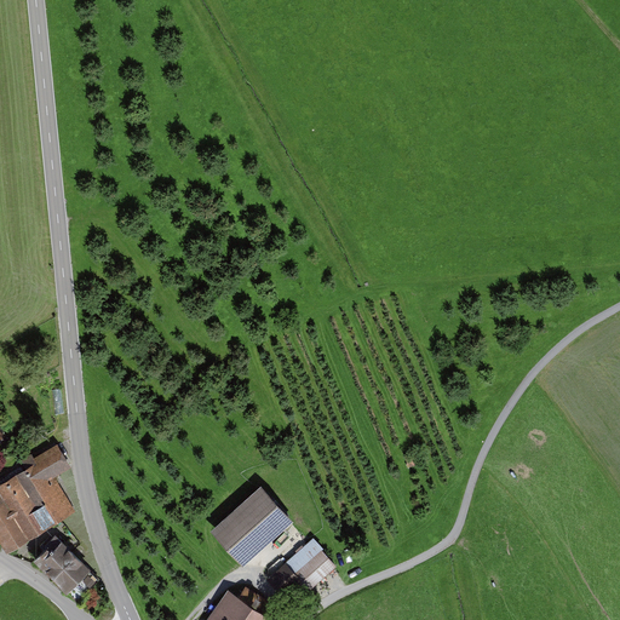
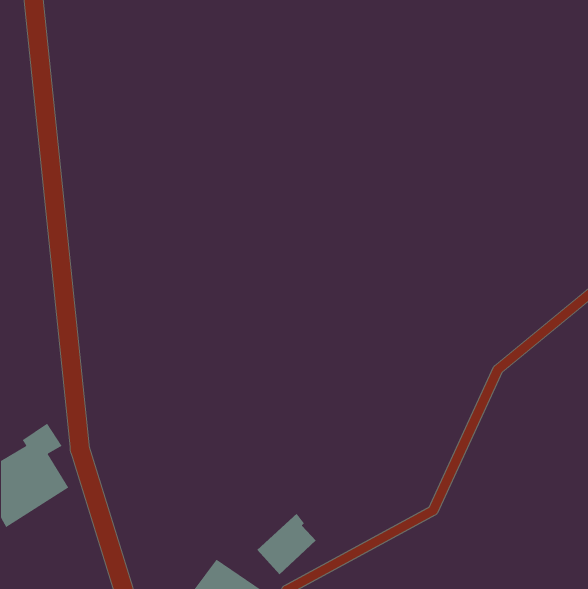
building: [208,487,289,567] -> none
building: [35,540,88,595] -> none

